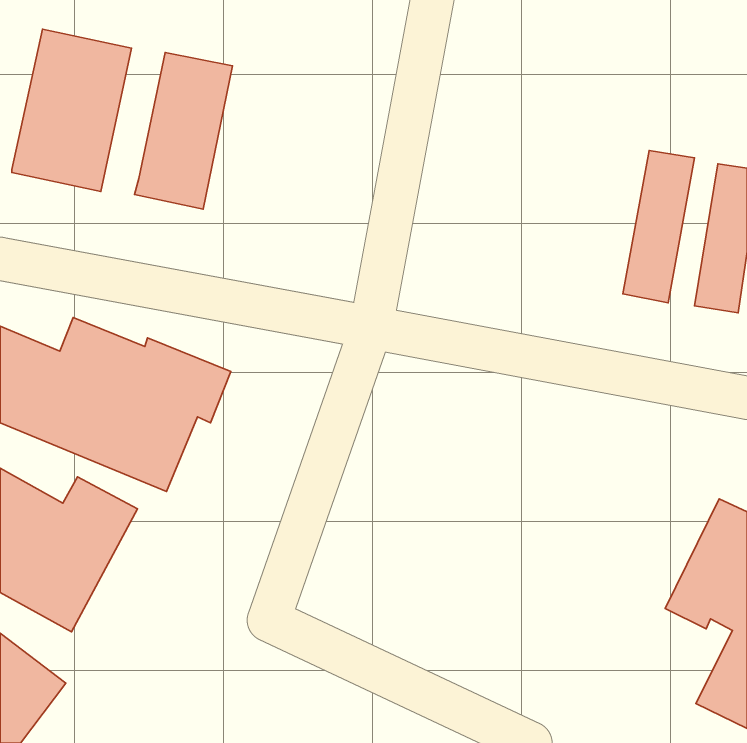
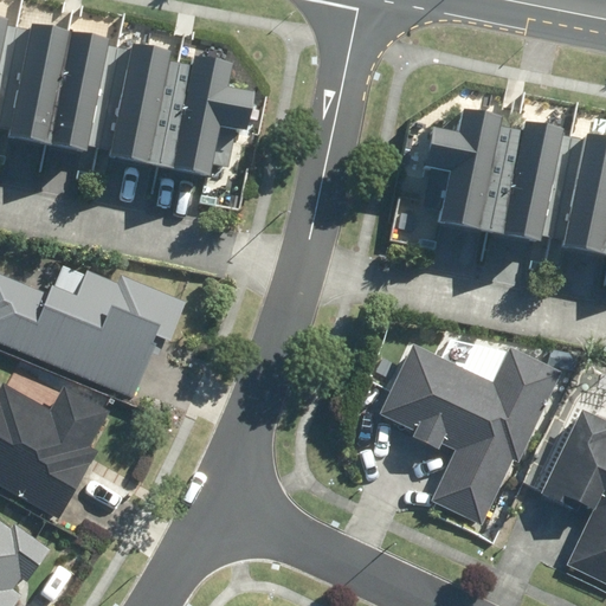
building: none -> [173,57,253,178]
building: none -> [426,111,499,230]
building: none -> [375,339,565,524]

